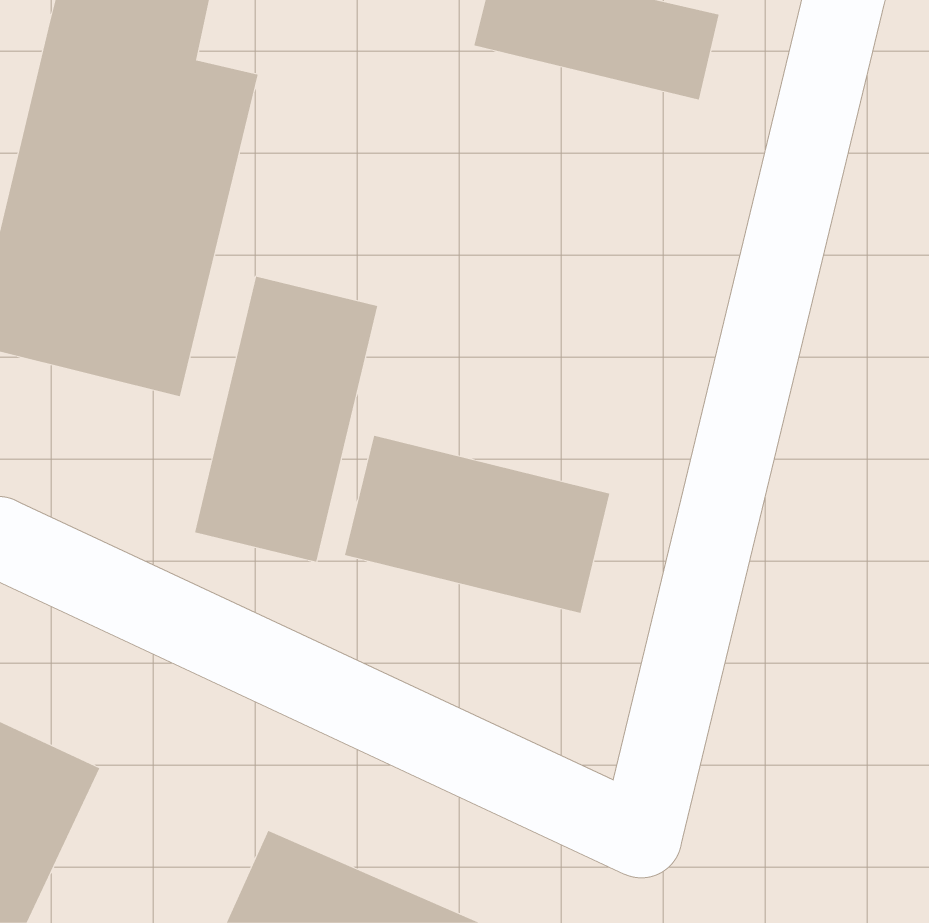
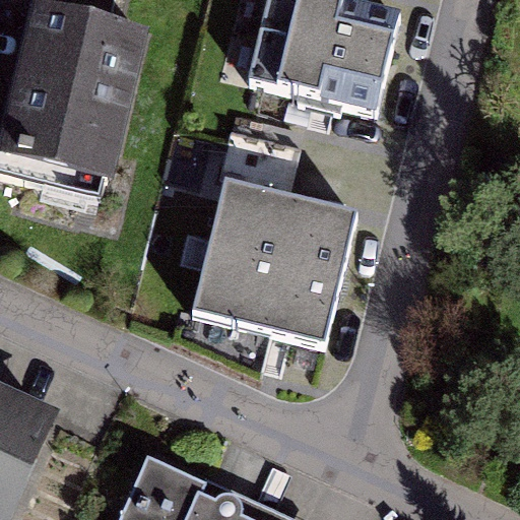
building: none -> [252,25,390,104]
building: [195,276,378,562] -> none
building: none -> [208,176,356,275]

